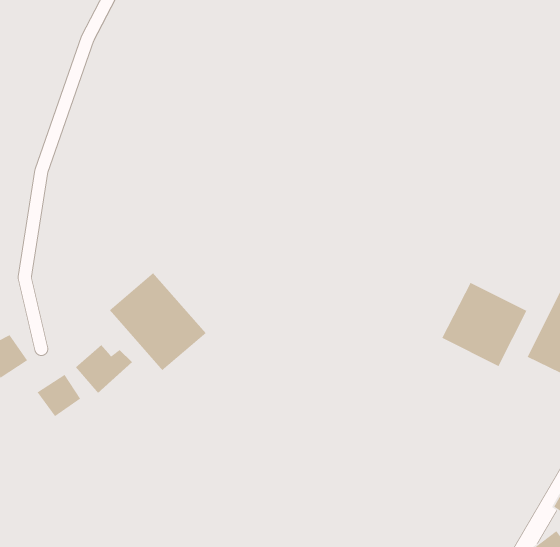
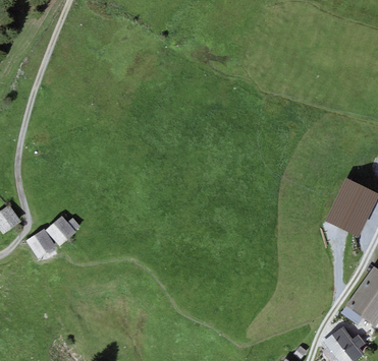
building: [109,272,207,371] -> none
building: [441,282,528,367] -> none

